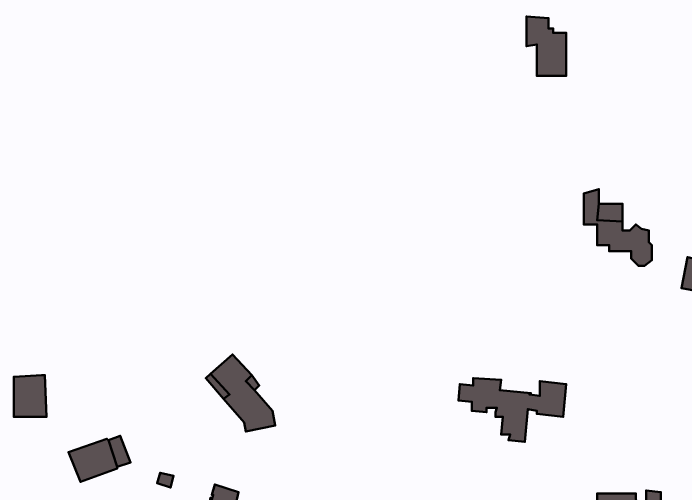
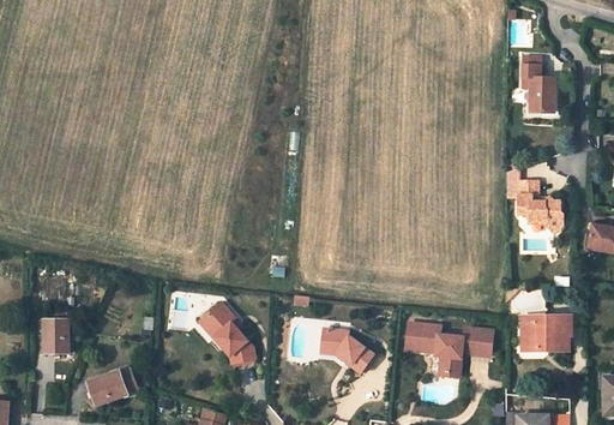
building: [526,17,566,76] -> [522,65,554,113]
building: none -> [522,316,572,351]
building: none -> [321,329,374,371]

